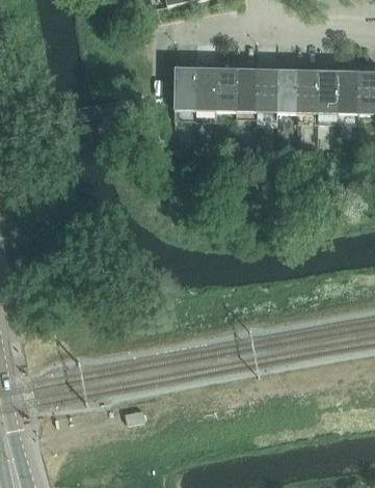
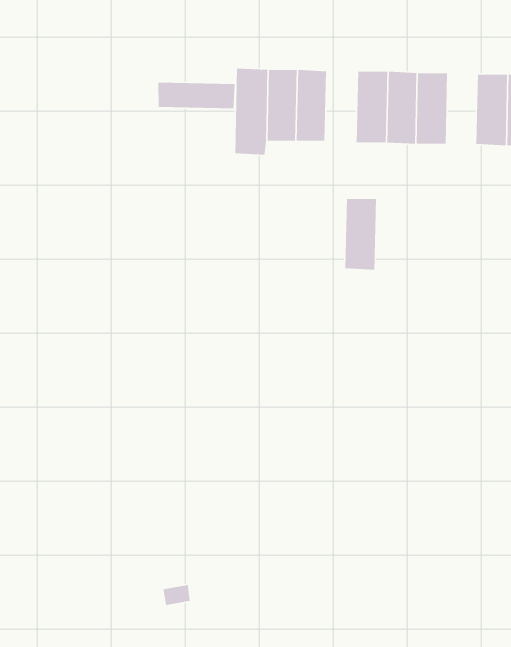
building: [236,65,258,114] -> [345,198,377,270]
building: [318,66,339,115] -> none
building: none -> [157,82,235,109]

